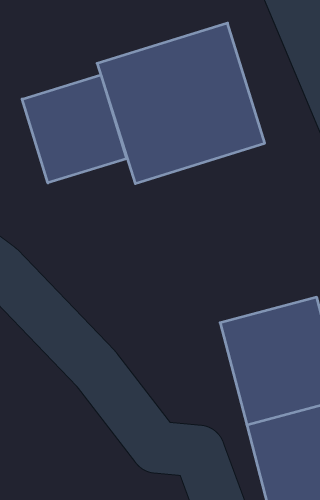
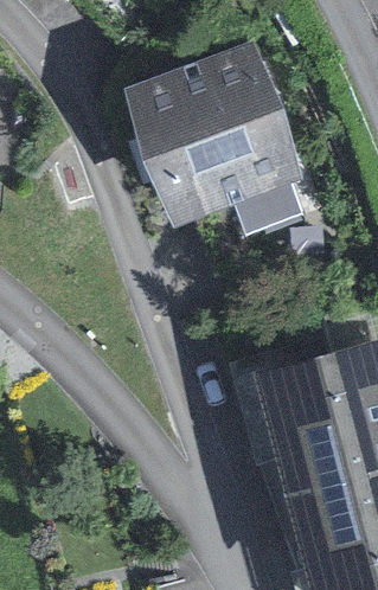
building: [22,75,127,183] -> none

